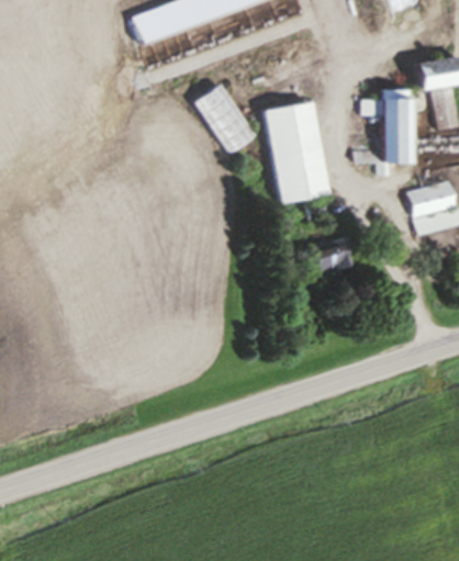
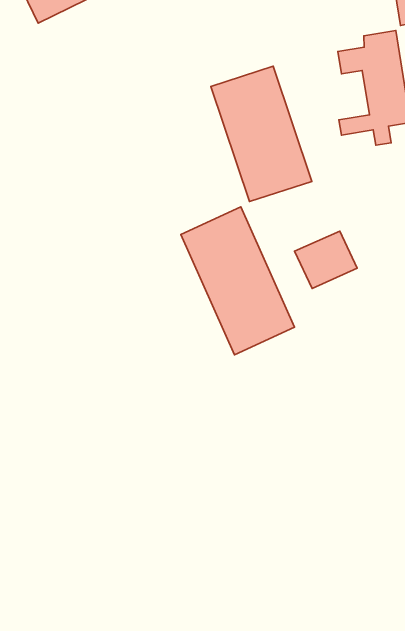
building: [197,83,257,155] -> none
building: none -> [181,207,294,355]

